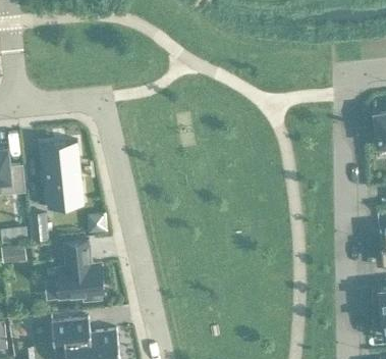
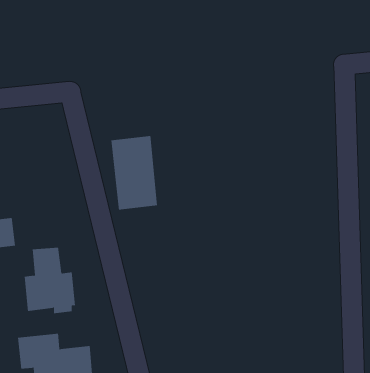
building: [41,143,84,210] -> [110,135,158,210]

